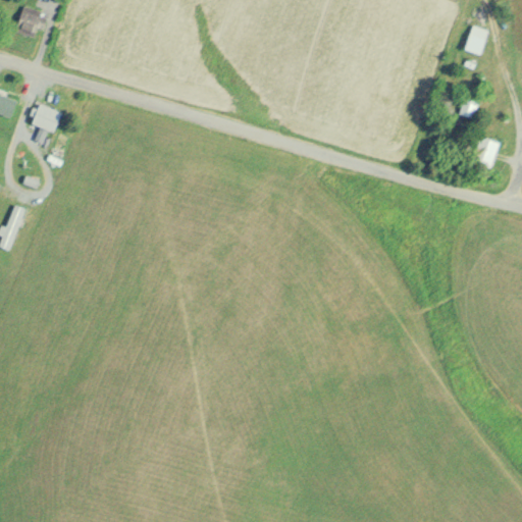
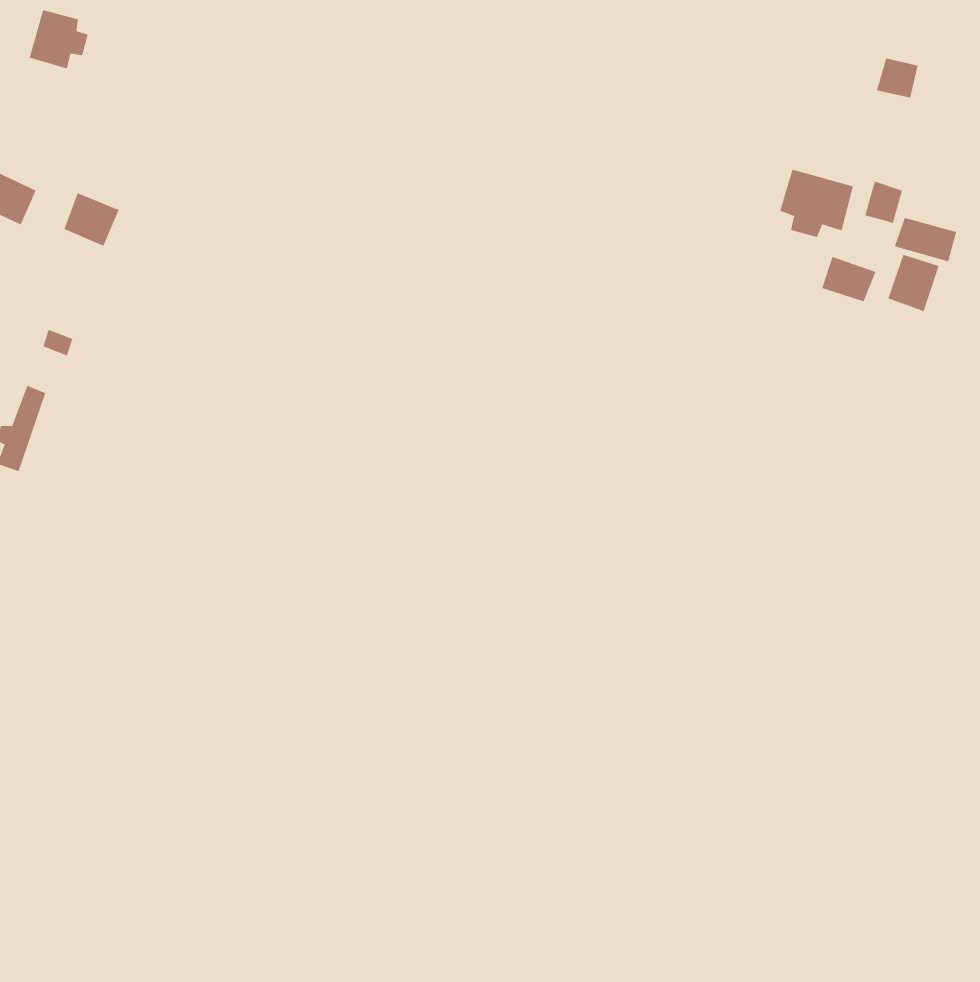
building: none -> [780,169,853,238]
building: none -> [894,217,957,262]
building: none -> [821,256,876,302]

